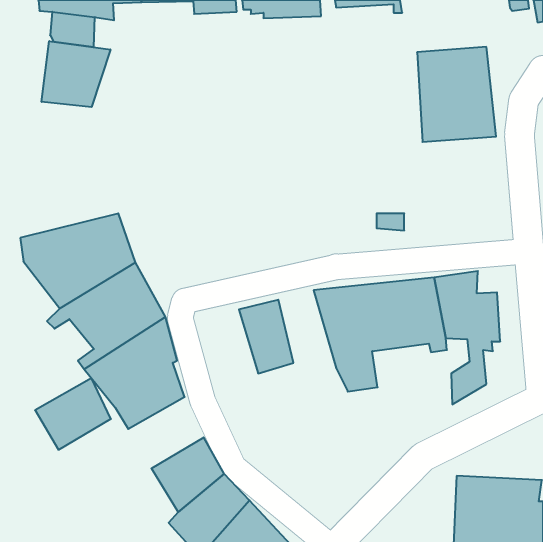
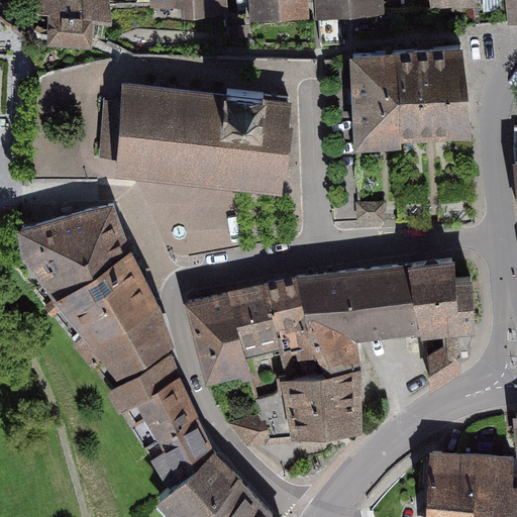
building: [42,41,110,107] -> none
building: none -> [351,53,400,146]
building: none -> [116,86,289,190]
building: none -> [264,278,318,357]
building: none -> [187,296,247,379]
building: [35,378,111,450] -> [121,379,193,446]
building: none -> [226,370,360,443]

